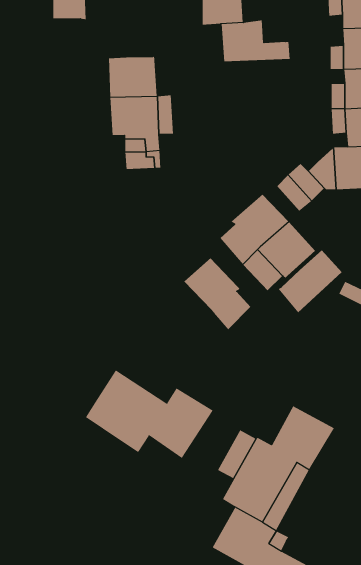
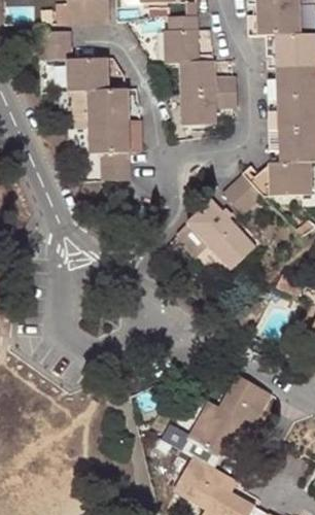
building: none -> [66,58,108,93]
building: none -> [182,92,238,127]
building: [278,250,342,313] -> none
building: [183,258,251,330] -> none
building: [85,370,214,459] -> none

